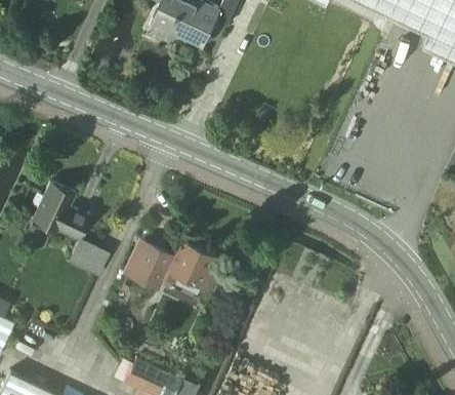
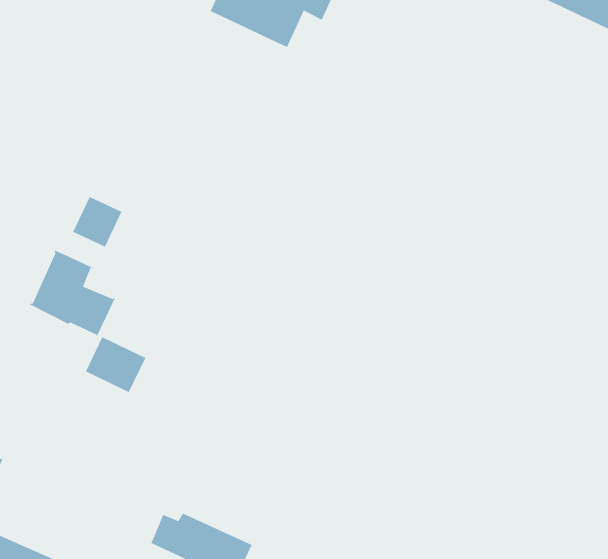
building: none -> [73,196,122,248]
building: [125,240,218,290] -> none

